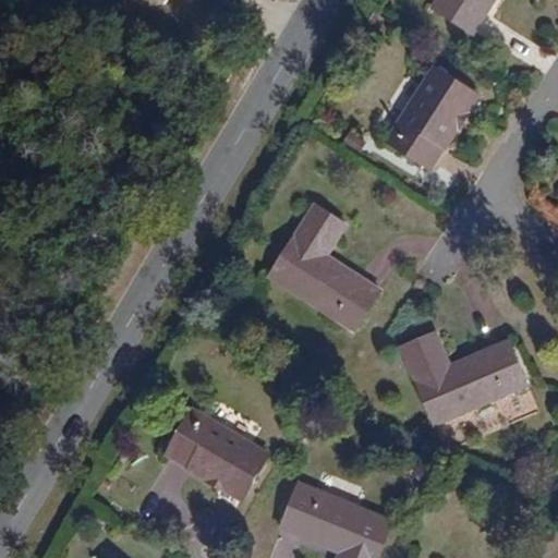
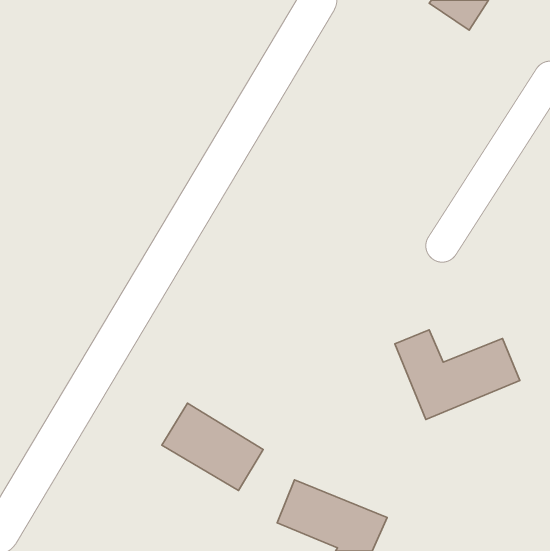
building: [388,68,480,168] -> none
building: [268,203,378,330] -> none

